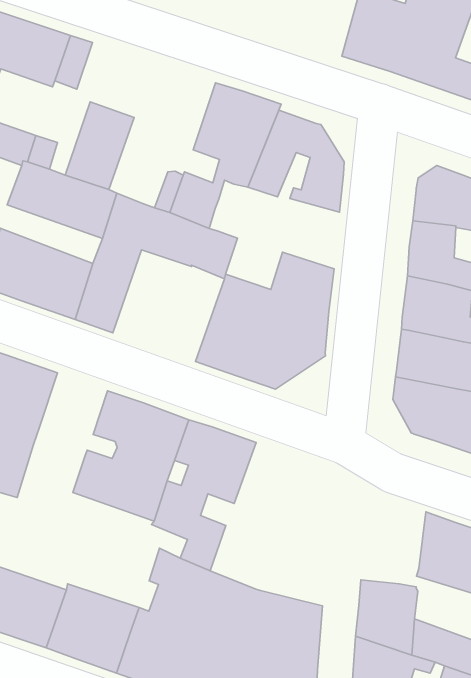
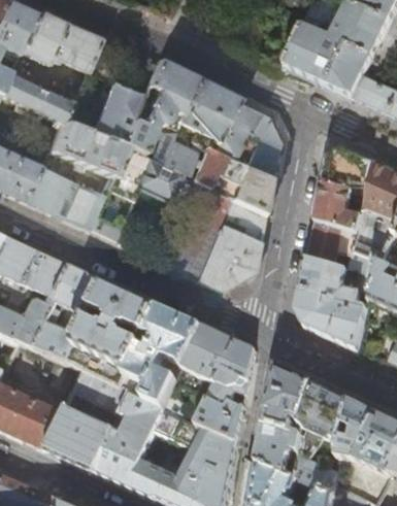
building: none -> [118,60,197,155]
building: none -> [189,147,273,211]
building: none -> [56,265,104,315]
building: none -> [183,325,257,440]
building: none -> [36,312,85,361]
building: none -> [265,366,313,430]
building: none -> [73,368,130,412]

